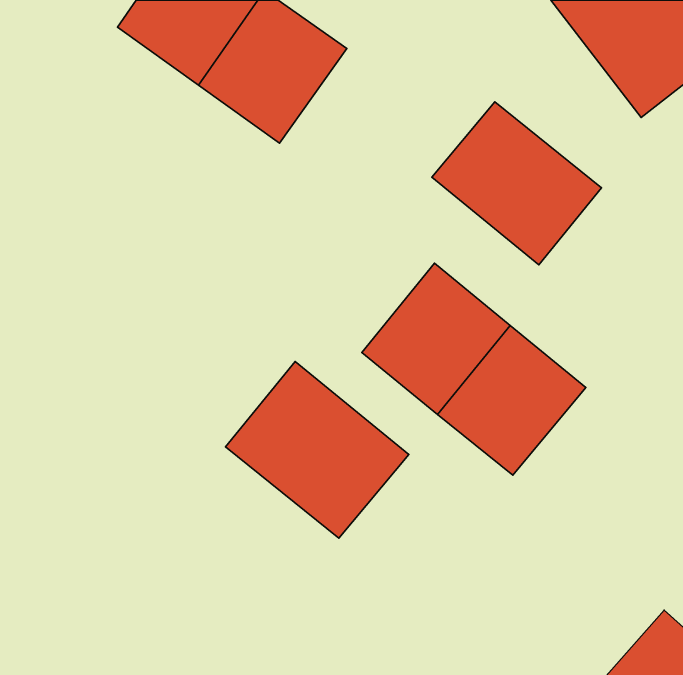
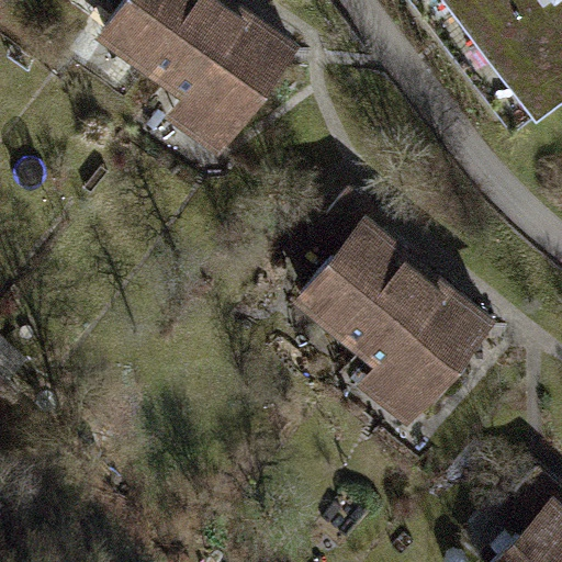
building: [432,102,601,265] -> none
building: [226,361,409,538] -> none

